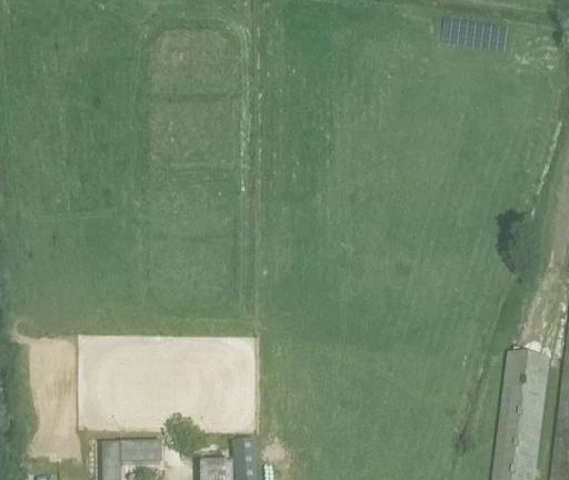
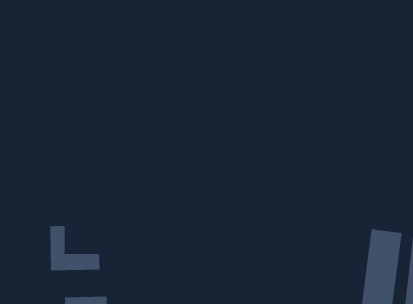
building: none -> [50,225,100,271]

